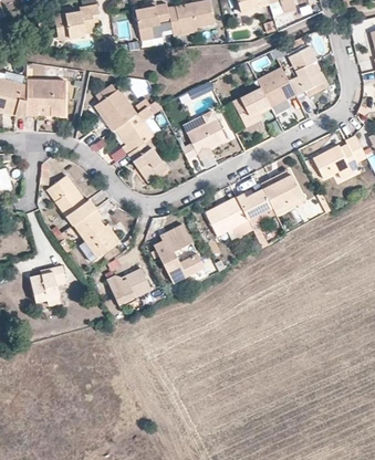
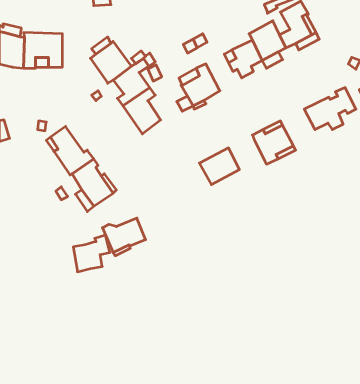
building: [236,189,271,219] -> none
building: [153,223,204,281] -> none
building: [29,265,66,303] -> [73,235,110,272]

